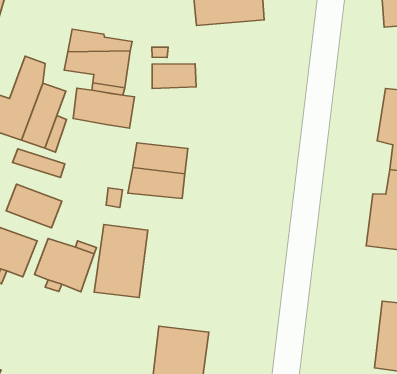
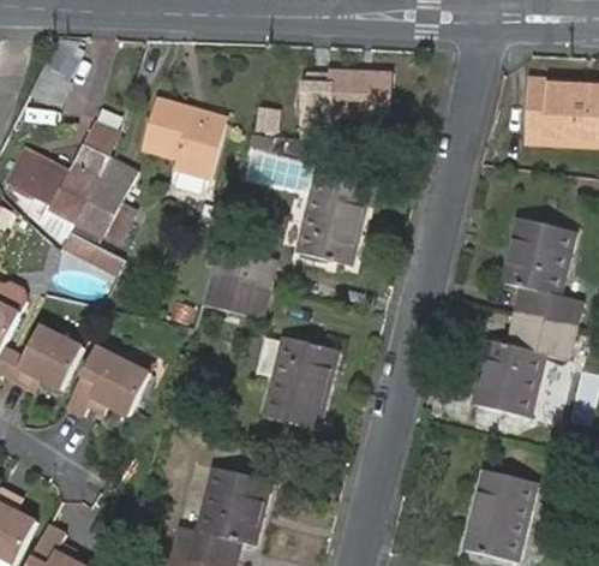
building: none -> [298,172,372,266]
building: [73,88,134,128] -> none
building: [6,184,62,228] -> none
building: [94,224,148,298] -> [265,336,339,429]

